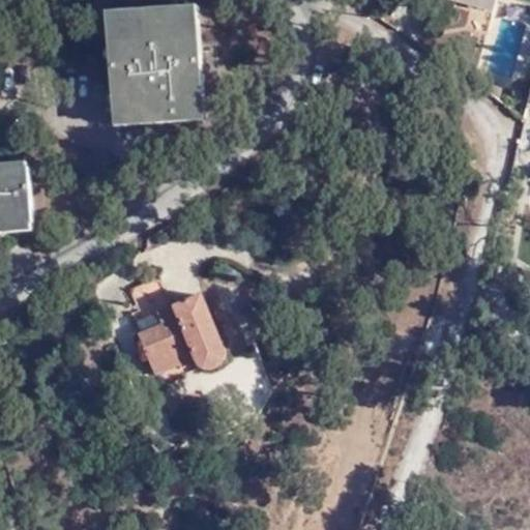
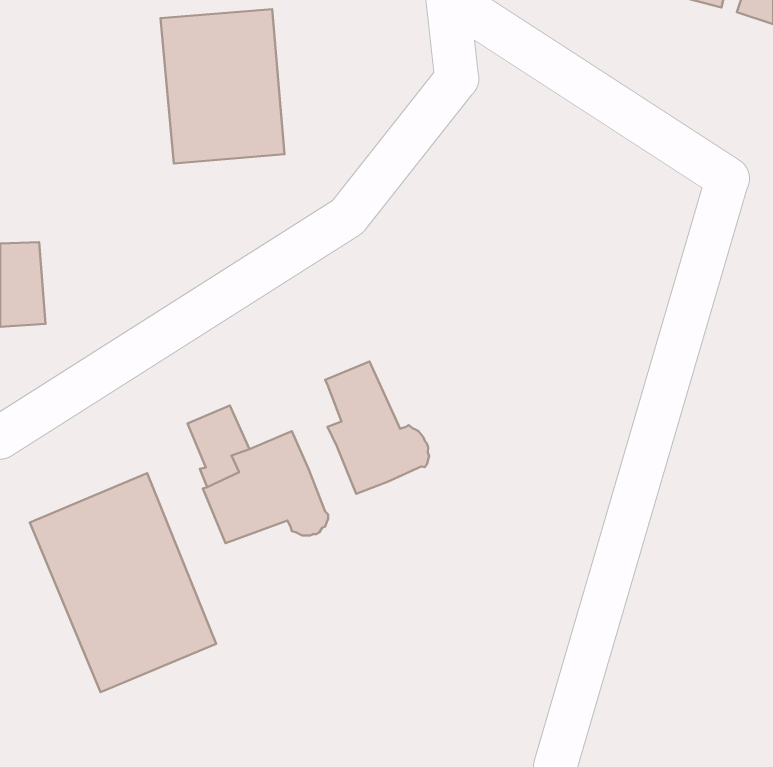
building: none -> [325,361,429,494]
building: none -> [30,473,216,692]

